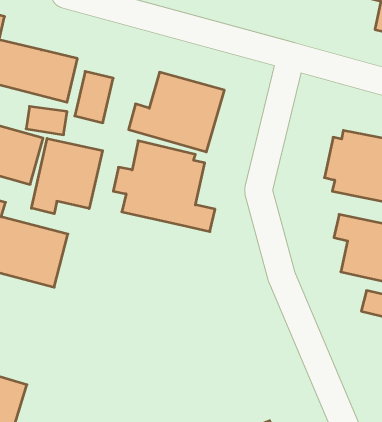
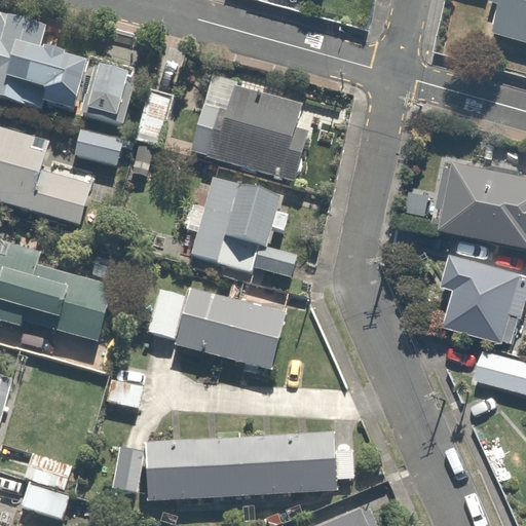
building: [31,138,103,214] -> none
building: none -> [148,283,291,374]
building: none -> [139,430,351,502]

